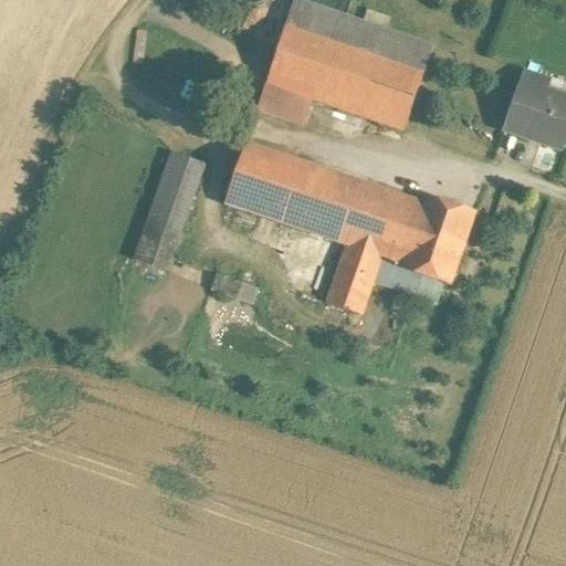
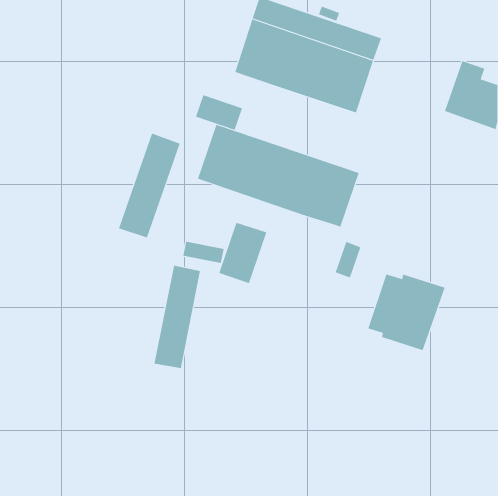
building: [256,82,311,123] -> [195,94,243,131]
building: [386,196,474,283] -> [367,274,445,351]
building: [325,244,380,314] -> [218,222,267,284]
building: none -> [154,265,200,369]

